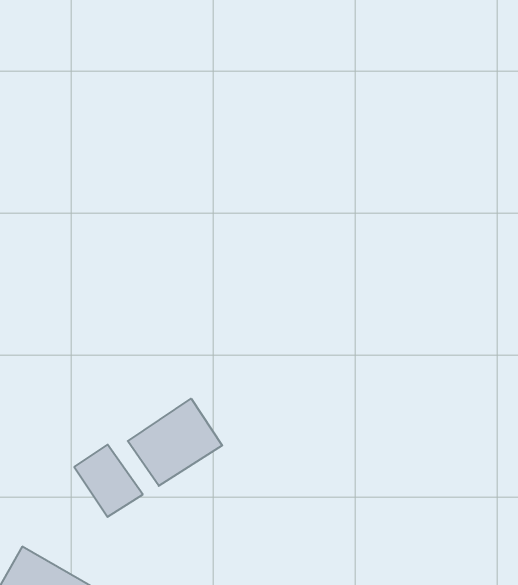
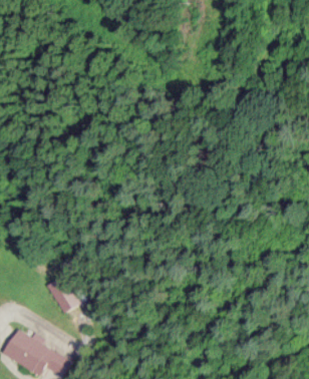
building: [128,399,222,486] -> none

